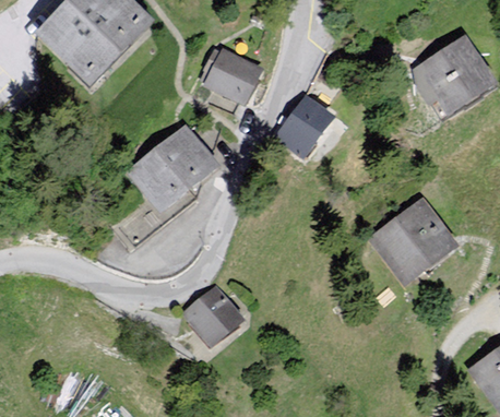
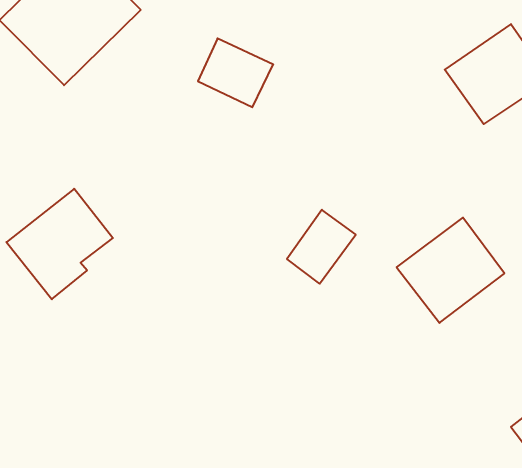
building: [277,95,335,157] -> [287,210,356,284]
building: [127,124,216,217] -> [6,189,113,299]
building: [182,285,245,347] -> none

